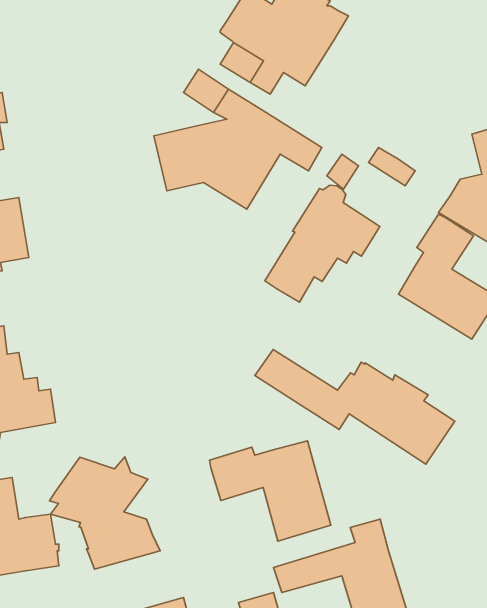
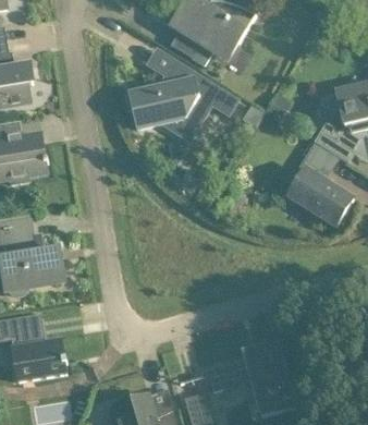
building: [265,185,380,302] -> none
building: [255,350,455,464] -> none
building: [209,441,331,541] -> none
building: [50,457,160,569] -> none

